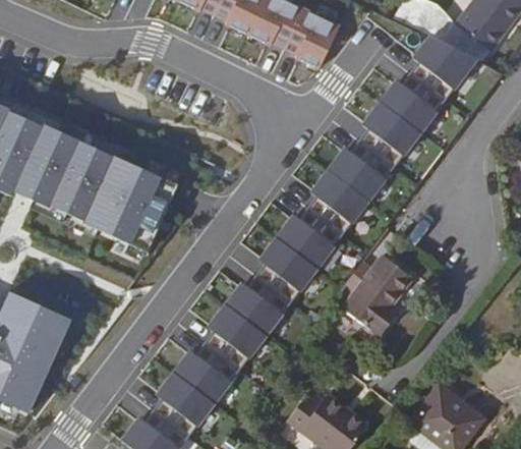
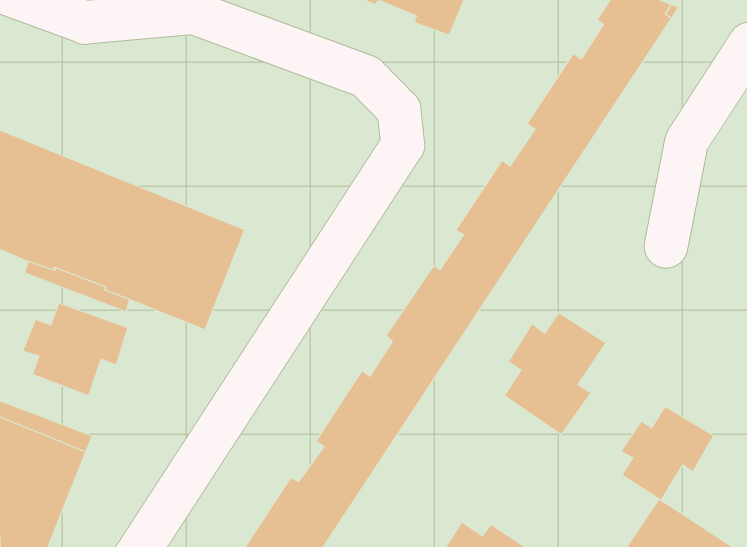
building: none -> [22,303,128,396]
building: none -> [621,406,714,500]

